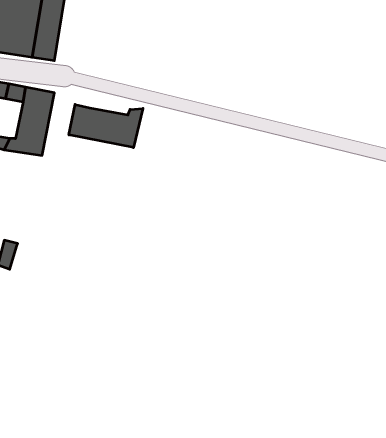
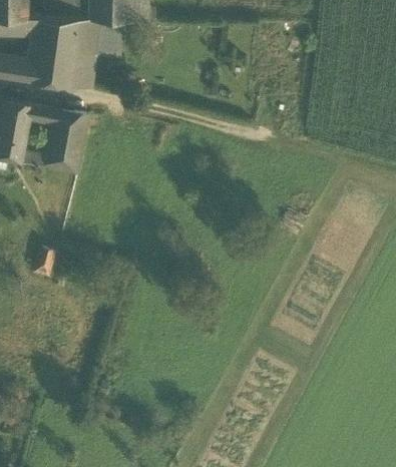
building: [69,104,143,148] -> none

